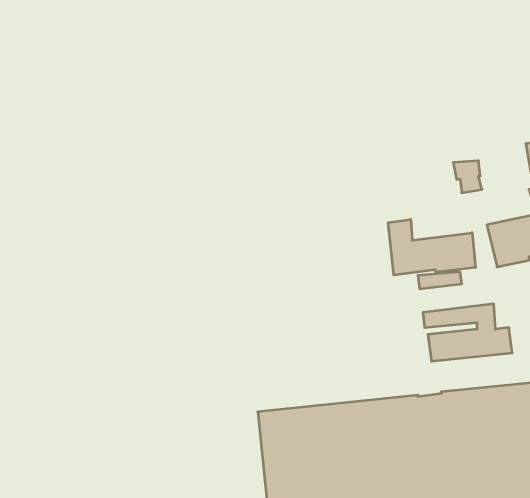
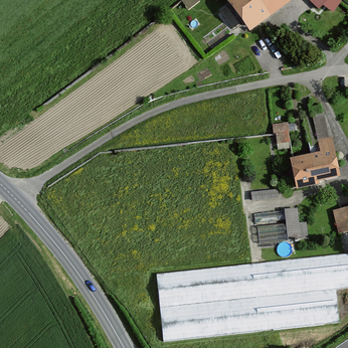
building: [388,219,476,275] -> none

